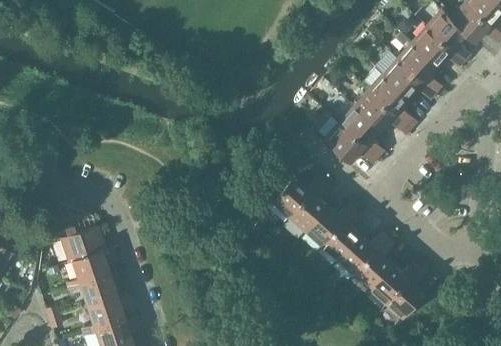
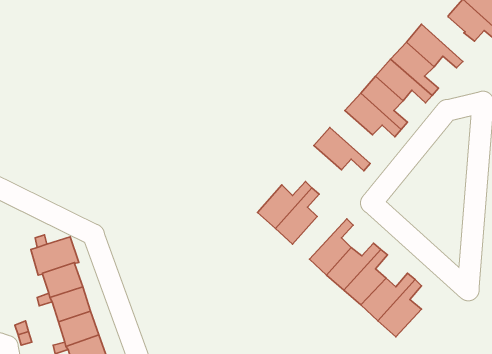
building: [427,9,472,61] -> none
building: [341,107,385,157] -> none
building: [306,203,357,247] -> none

